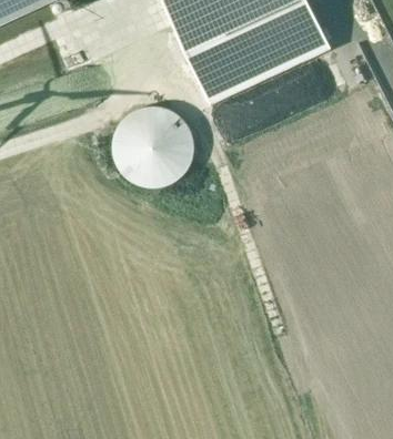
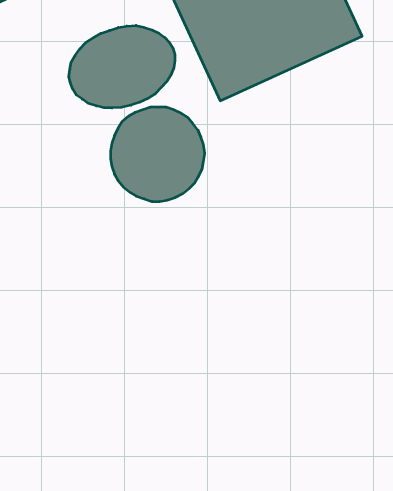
building: none -> [69,25,175,108]

